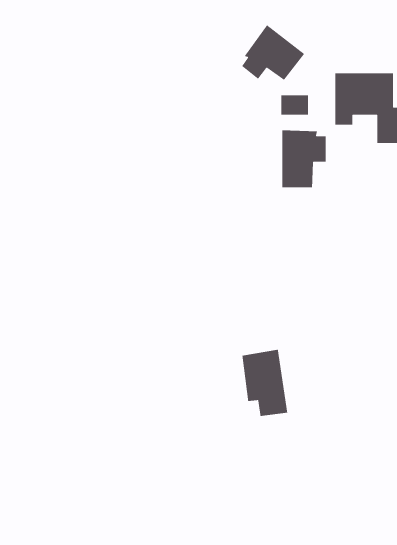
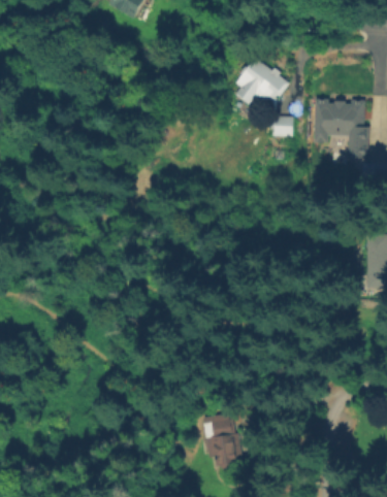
building: [282,130,327,188] -> none
building: [241,349,288,417] -> [200,411,239,468]

